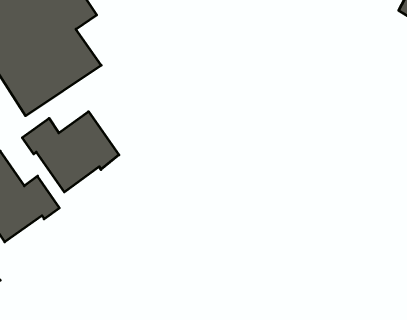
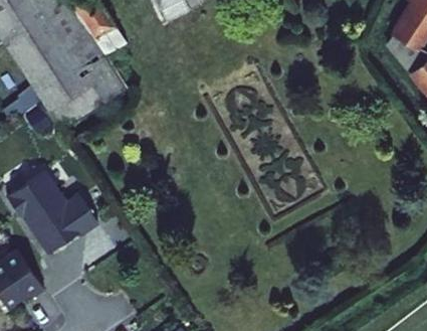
building: [22,112,119,192] -> none

